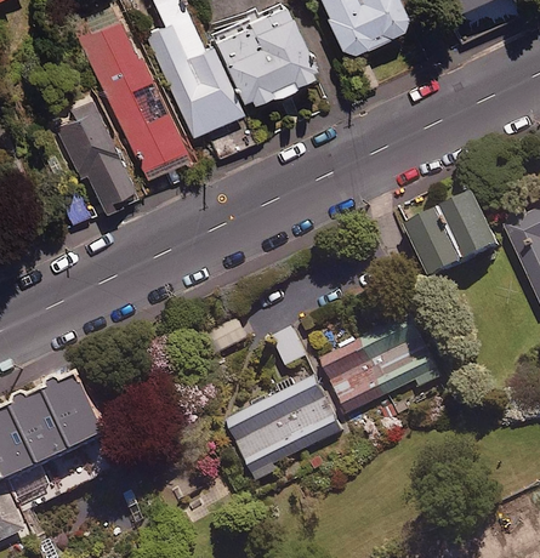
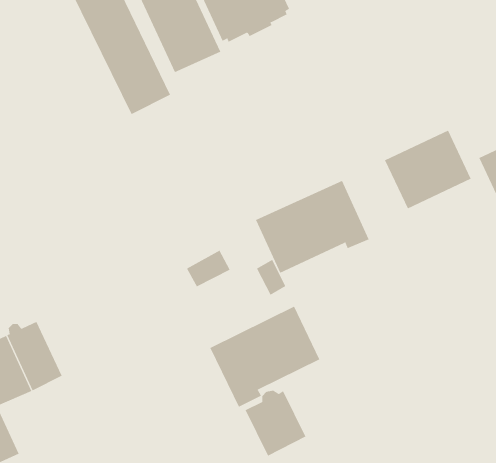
building: [56,99,136,212] -> none
building: [323,315,442,412] -> [255,180,369,273]
building: [46,376,107,449] -> none
building: none -> [245,390,306,457]

